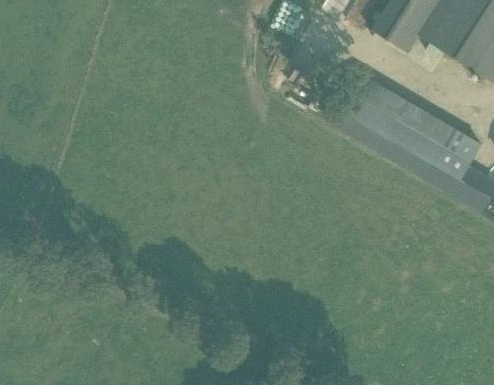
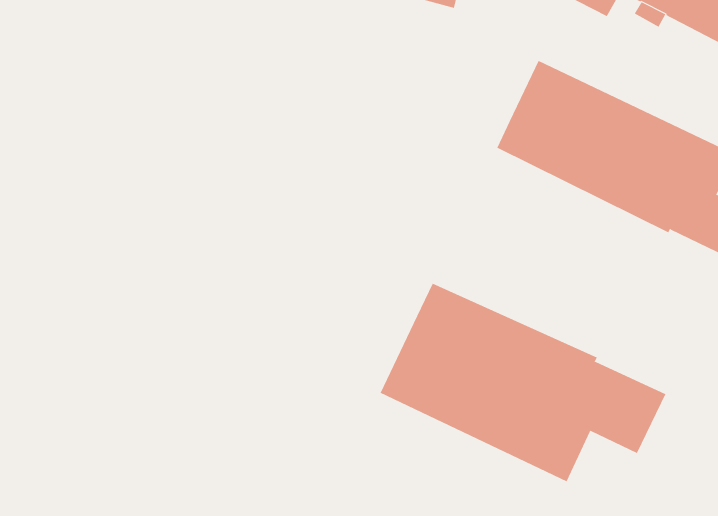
building: none -> [380,283,666,482]

